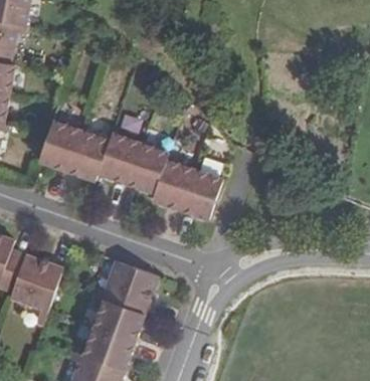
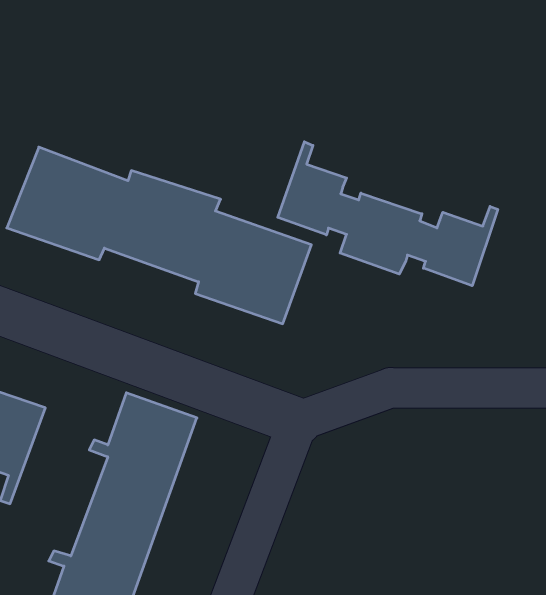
building: none -> [278,142,498,286]

